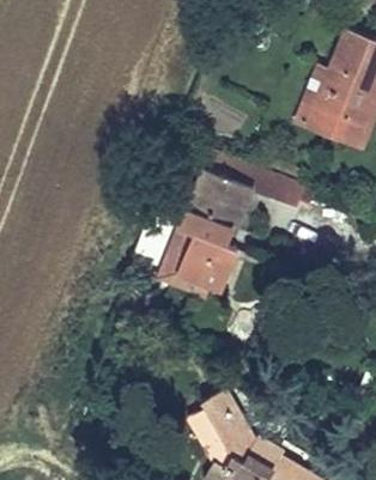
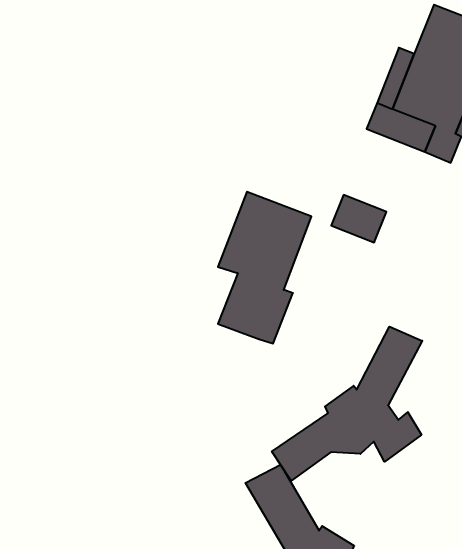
building: [157,230,208,298] -> none
building: none -> [272,327,422,481]

